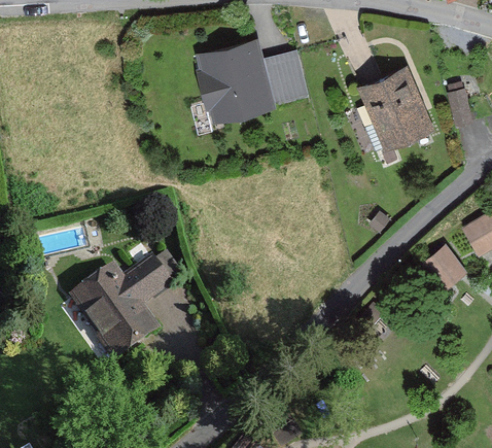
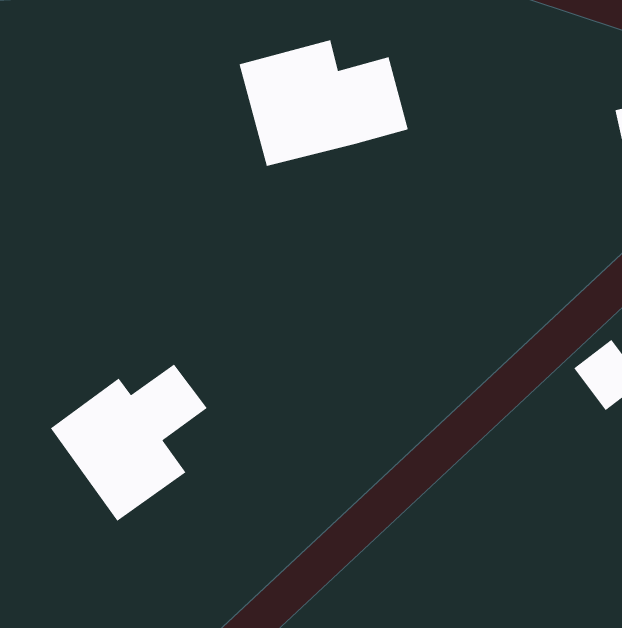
building: [356,66,433,151] -> none

